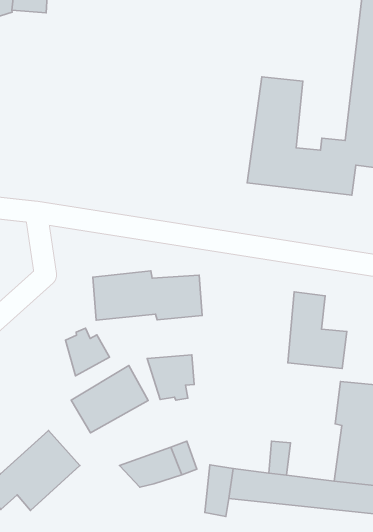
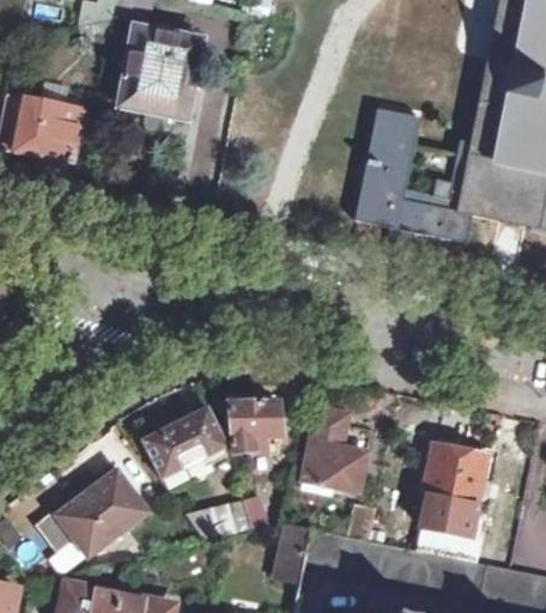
building: none -> [122,25,204,114]
building: [93,271,202,320] -> none
building: [288,292,347,368] -> [304,403,371,491]
building: [65,328,109,376] -> none

